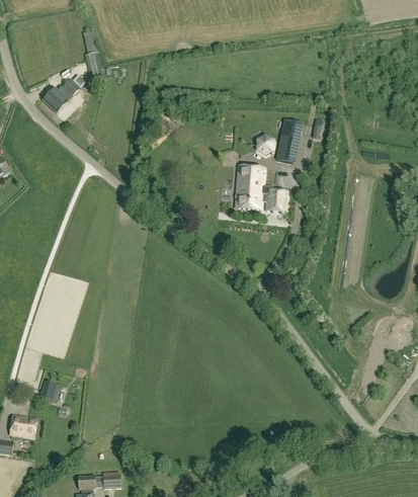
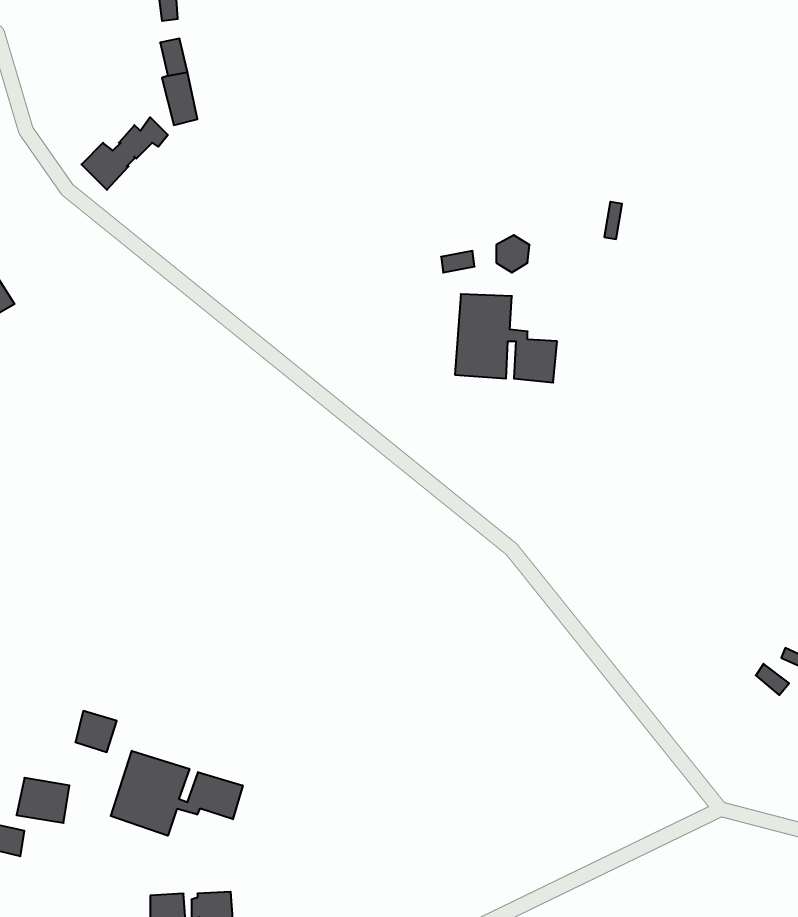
building: [276,119,301,163] -> none
building: none -> [111,751,243,836]

